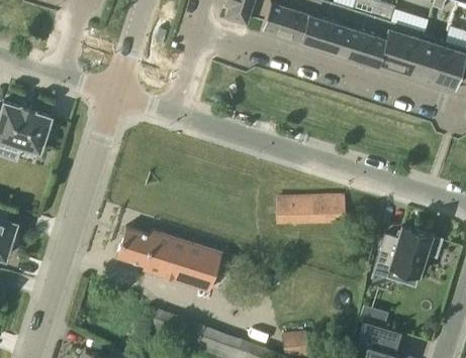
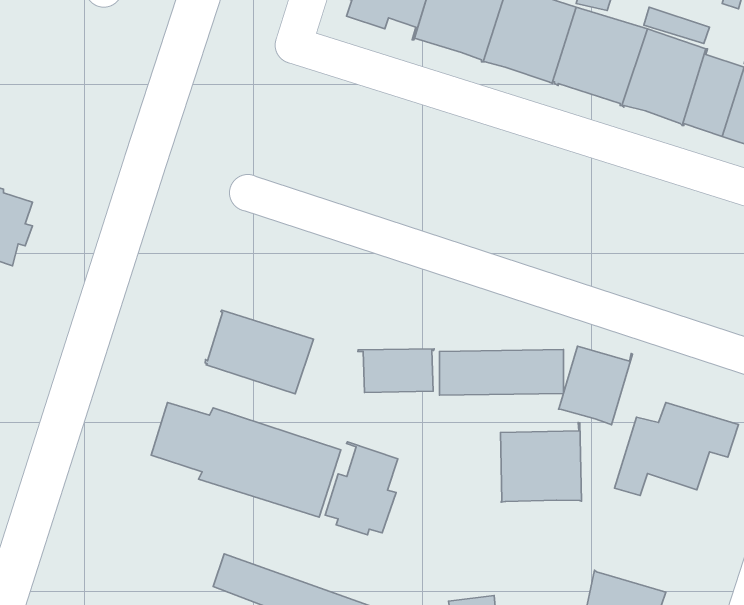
building: none -> [205,310,314,394]
building: none -> [558,346,632,425]
building: none -> [358,349,434,392]
building: none -> [501,422,581,502]
building: none -> [325,442,398,535]

